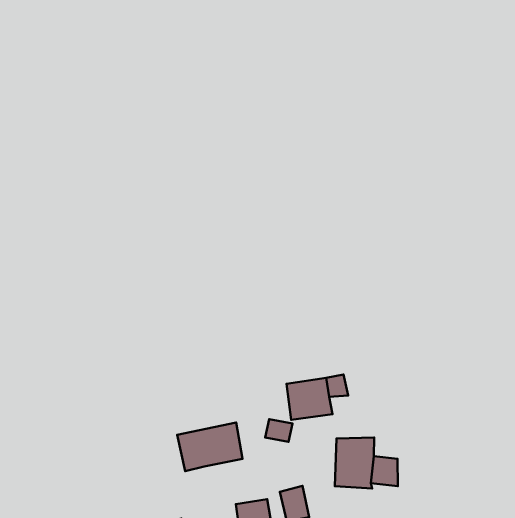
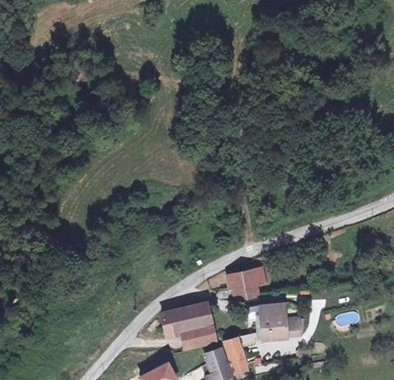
building: none -> [181,300,218,349]

